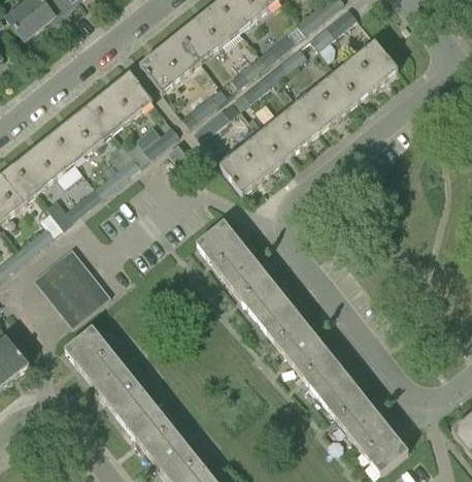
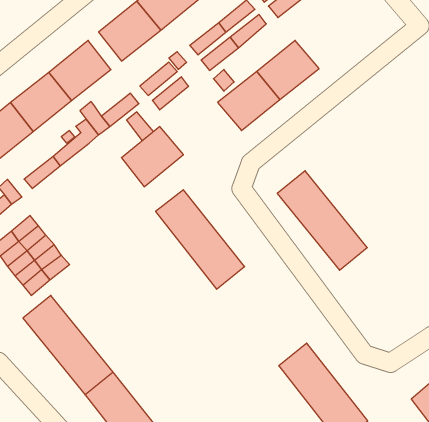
building: [335,39,398,99] -> none
building: [220,133,281,193] -> [121,127,183,187]
building: [257,296,346,395] -> [277,171,367,270]

